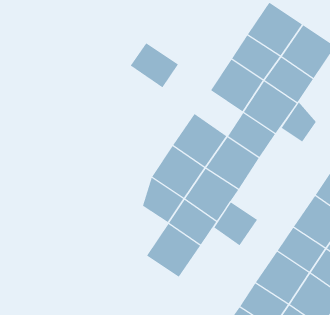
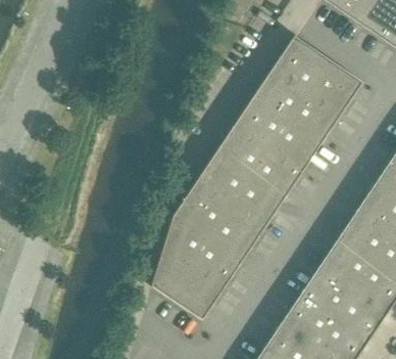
building: [130,42,179,88] -> [217,127,267,174]
building: [281,102,316,142] -> none
building: [213,202,258,246] -> none
building: none -> [151,245,191,297]

